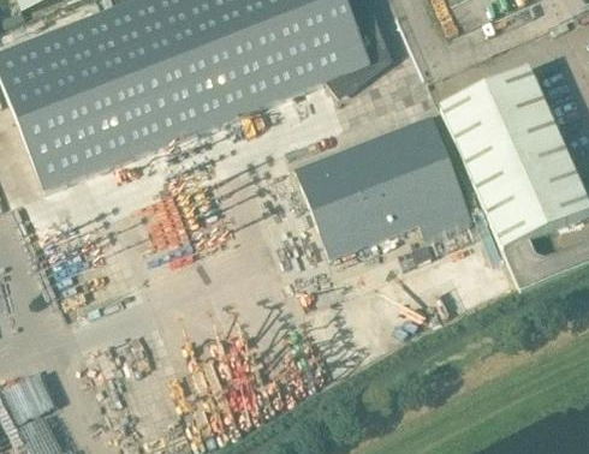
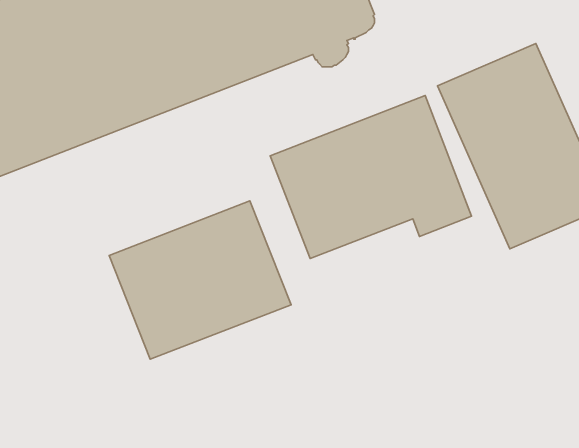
building: none -> [109,201,291,359]

